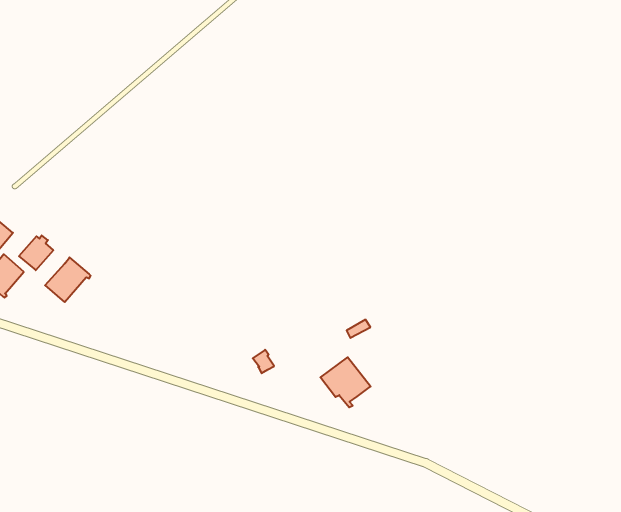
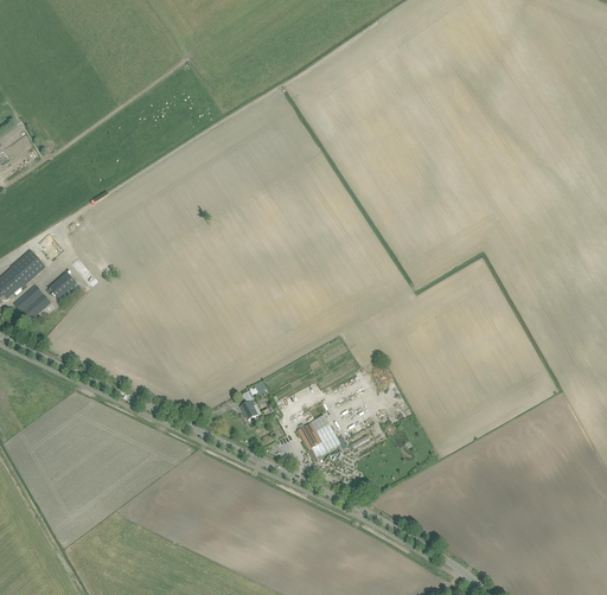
building: [45,257,91,302] -> none

